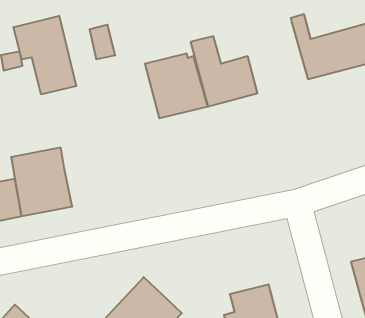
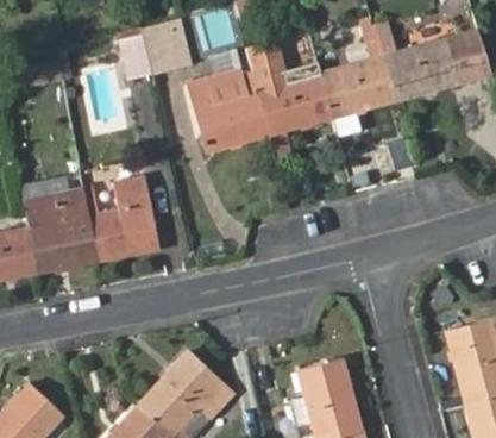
building: [14,16,76,94] -> none
building: none -> [142,23,189,71]
building: none -> [318,31,393,119]
building: none -> [89,175,158,261]

